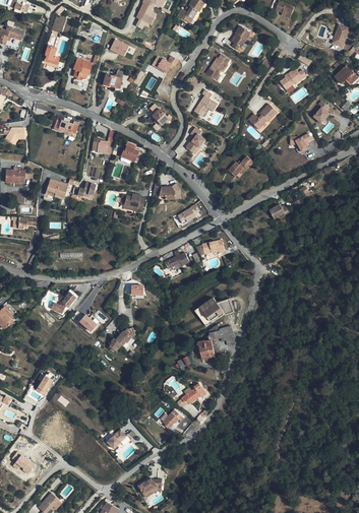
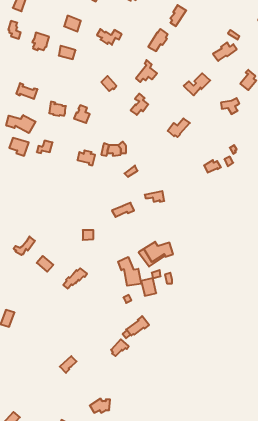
building: none -> [6,115,36,133]
building: none -> [118,257,141,286]

